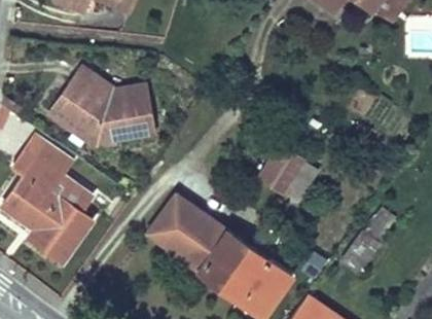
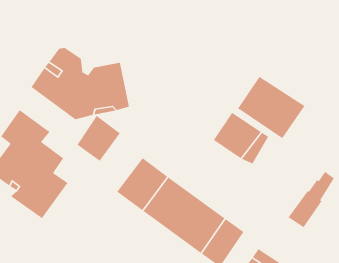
building: none -> [237,76,306,139]
building: none -> [76,115,121,162]

